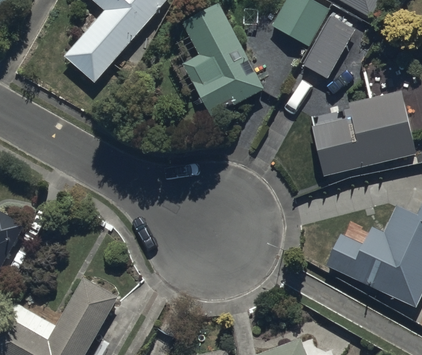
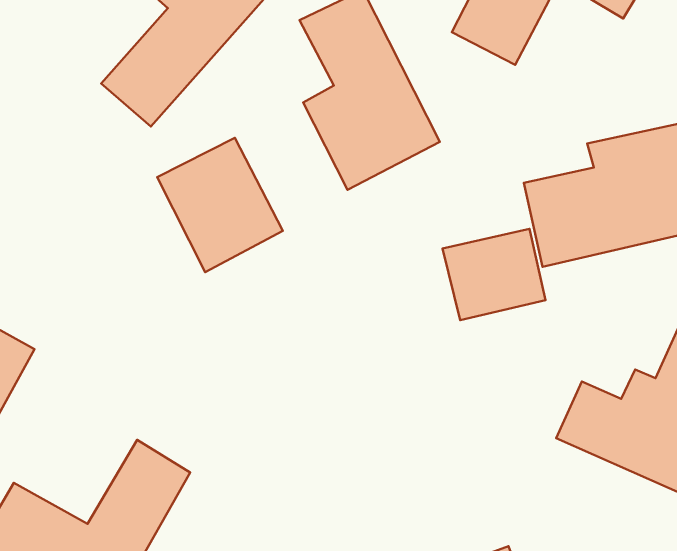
building: [301,19,355,82] -> none
building: none -> [157,138,283,272]
building: none -> [442,229,545,320]

